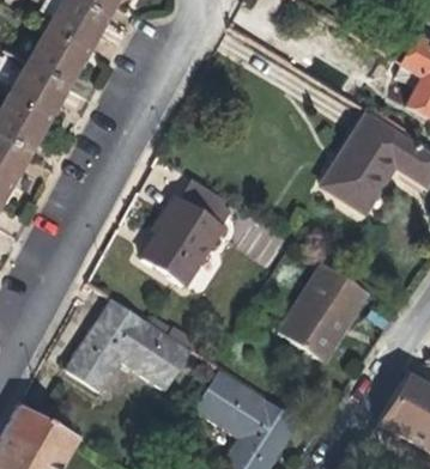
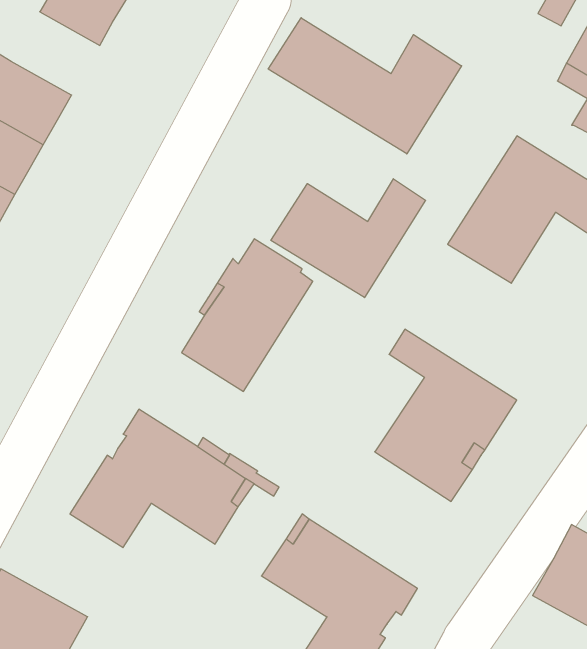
building: [28,30,87,86] -> none
building: none -> [268,18,462,154]
building: none -> [271,179,426,298]

